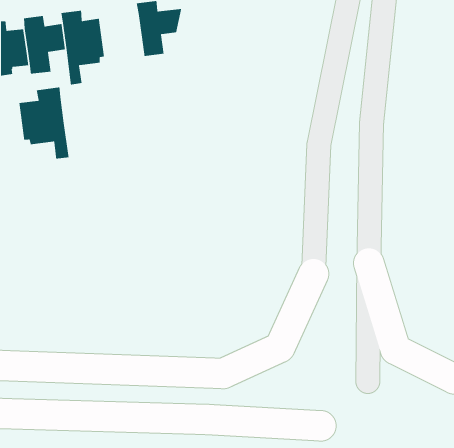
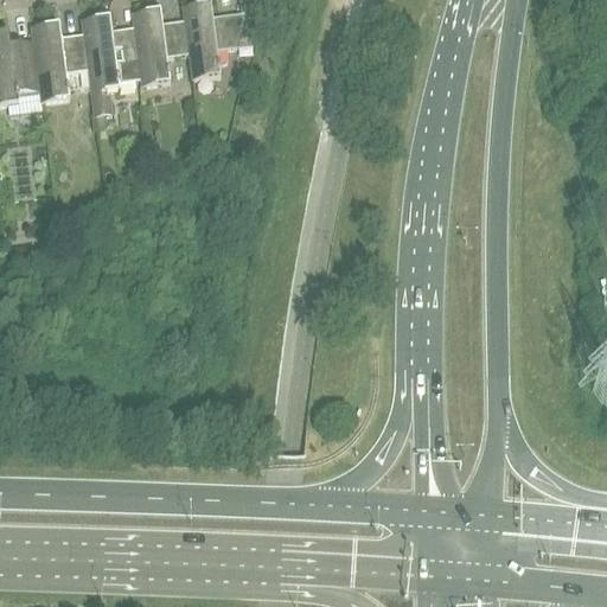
building: none -> [132,6,189,83]
building: [19,87,70,159] -> none

